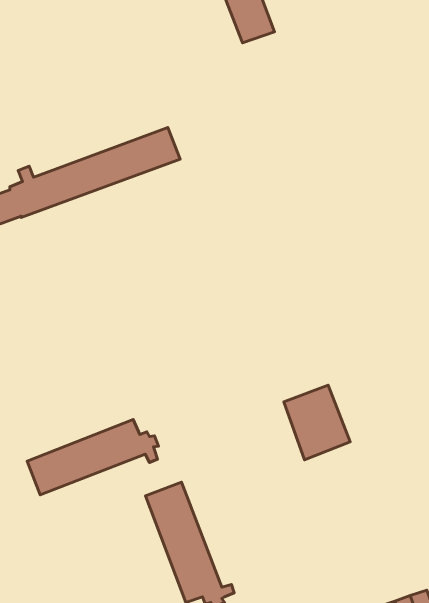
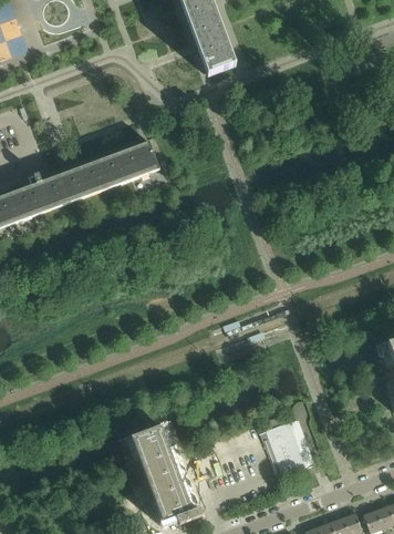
building: [284,385,350,460] -> [260,419,313,479]
building: [27,419,159,495] -> none

